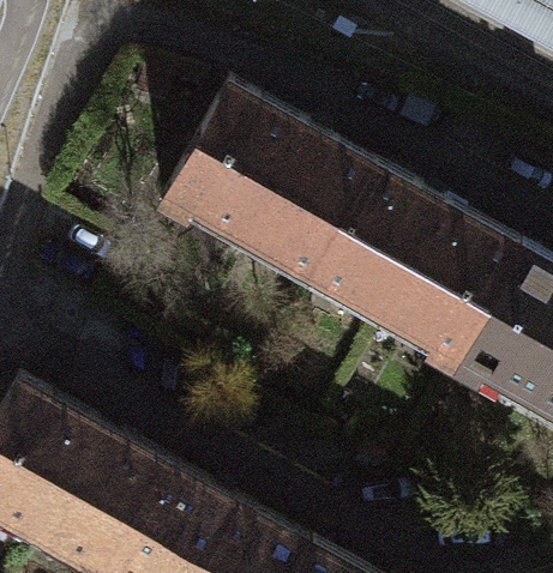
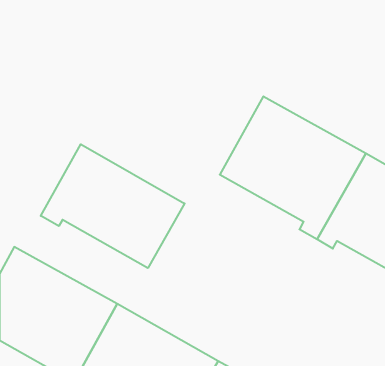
building: [162,86,378,281] -> none
building: none -> [41,144,185,268]

